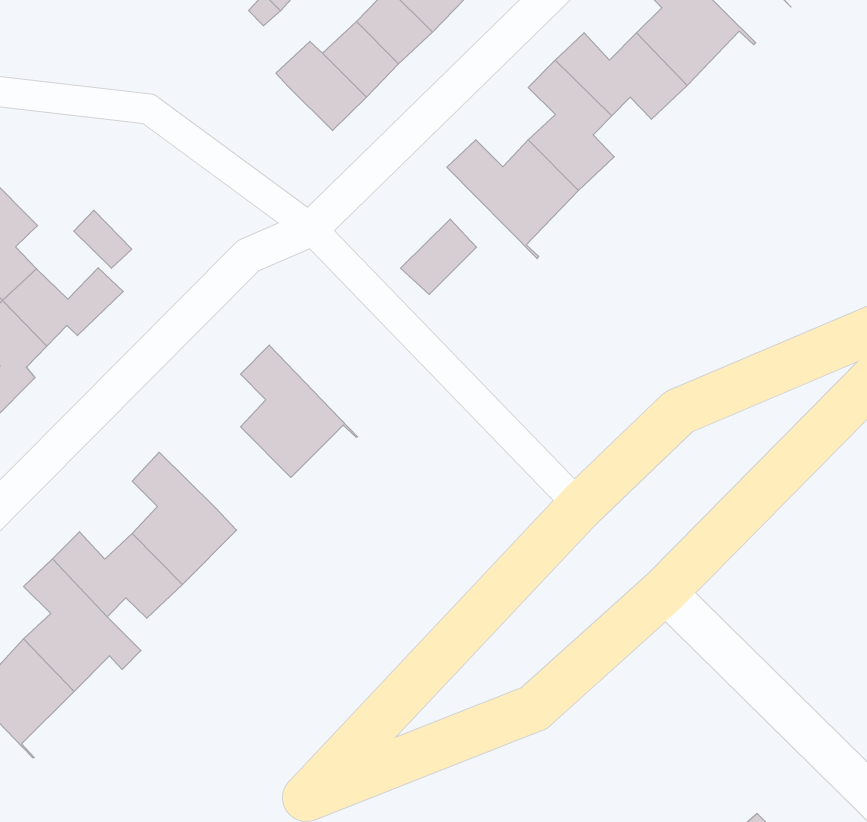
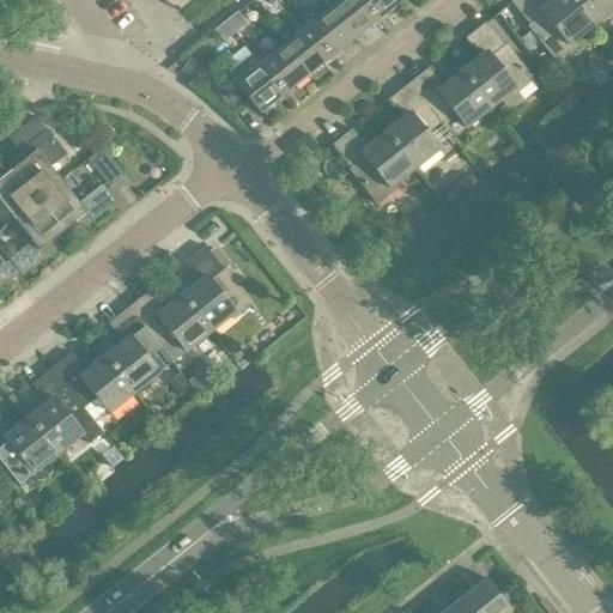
building: [401,219,477,294] -> none
building: none -> [128,290,211,360]

